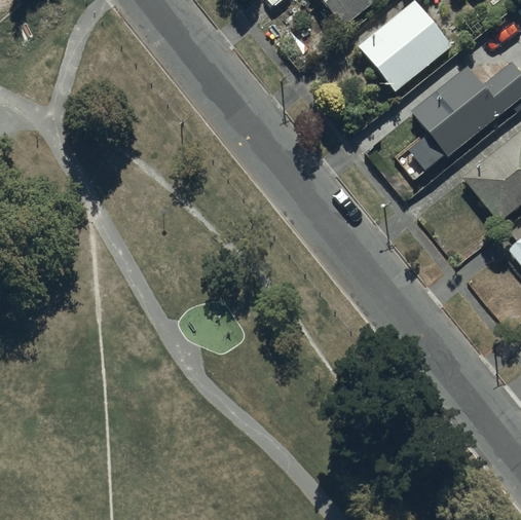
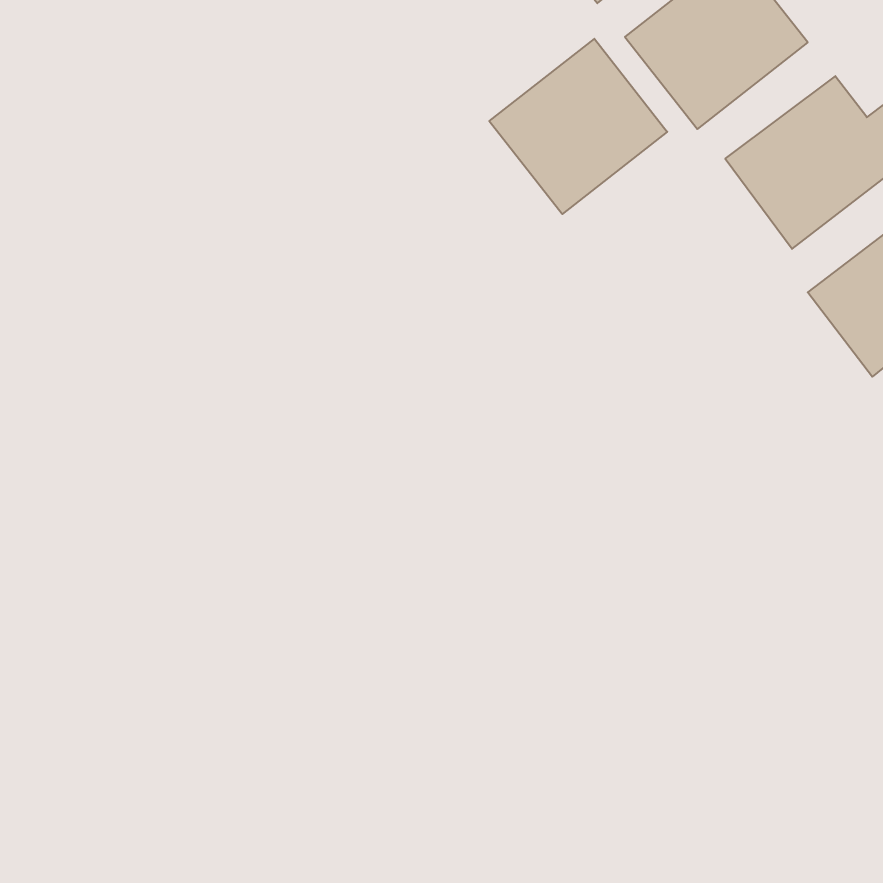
building: none -> [489,39,667,214]

